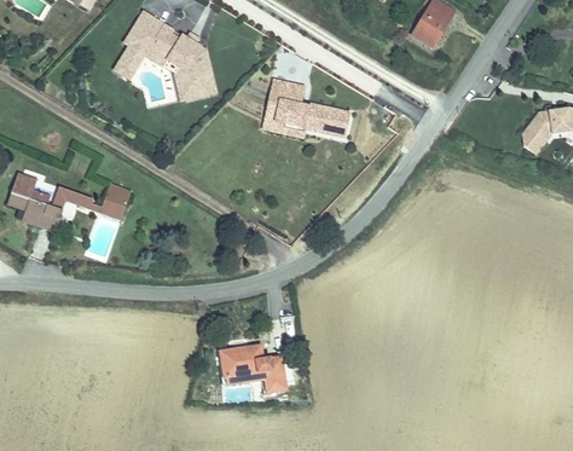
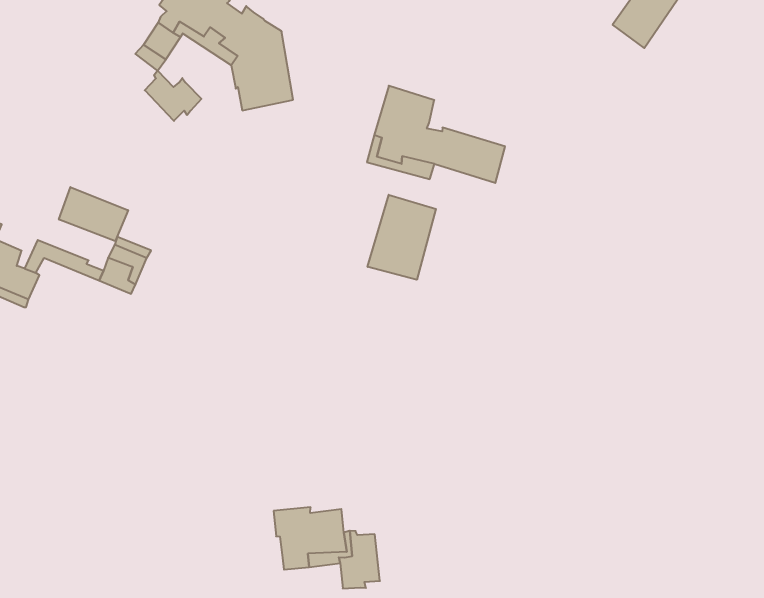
building: none -> [145,71,201,121]
building: none -> [368,195,436,280]
building: none -> [59,187,128,241]

